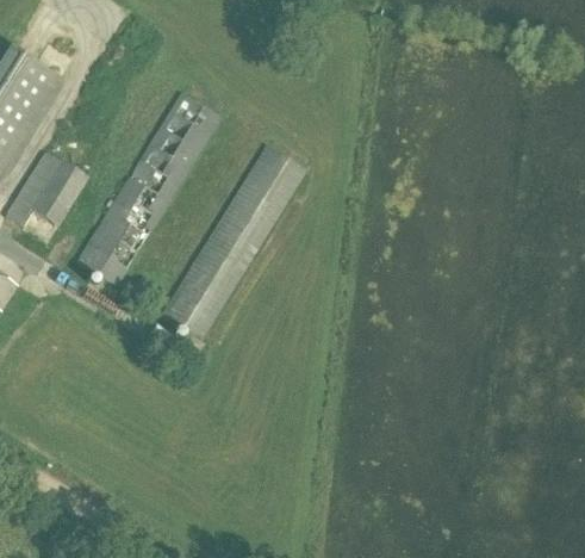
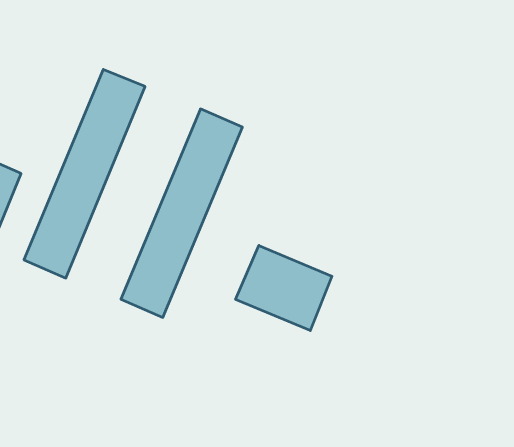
building: none -> [236,245,332,331]

